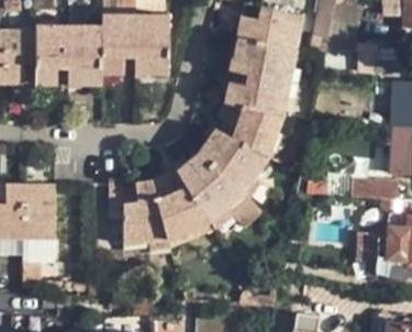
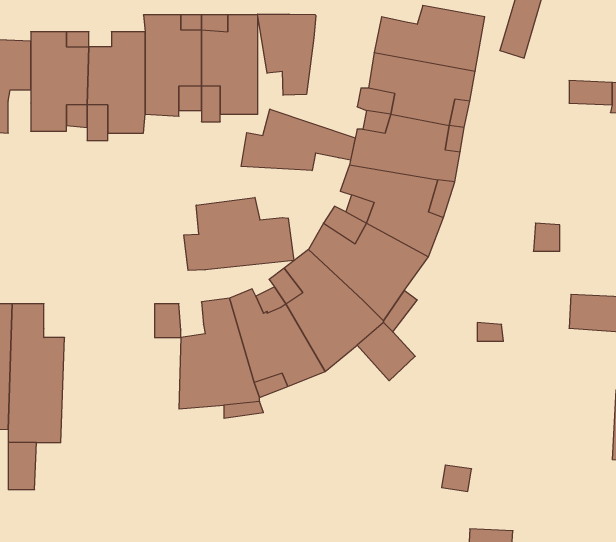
building: none -> [258,14,316,95]
building: none -> [241,109,355,171]
building: none -> [184,197,294,270]

